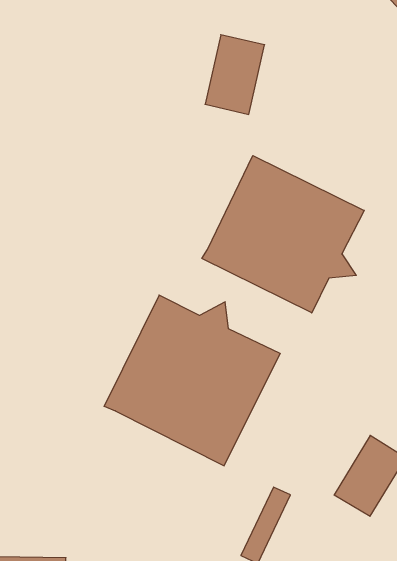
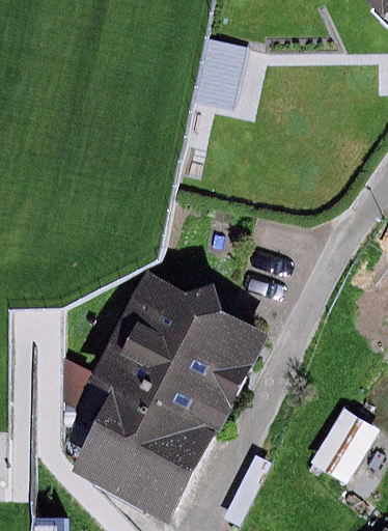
building: [202,156,364,313] -> none
building: none -> [68,390,211,523]

